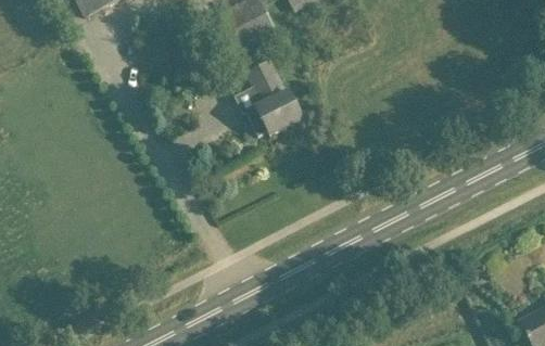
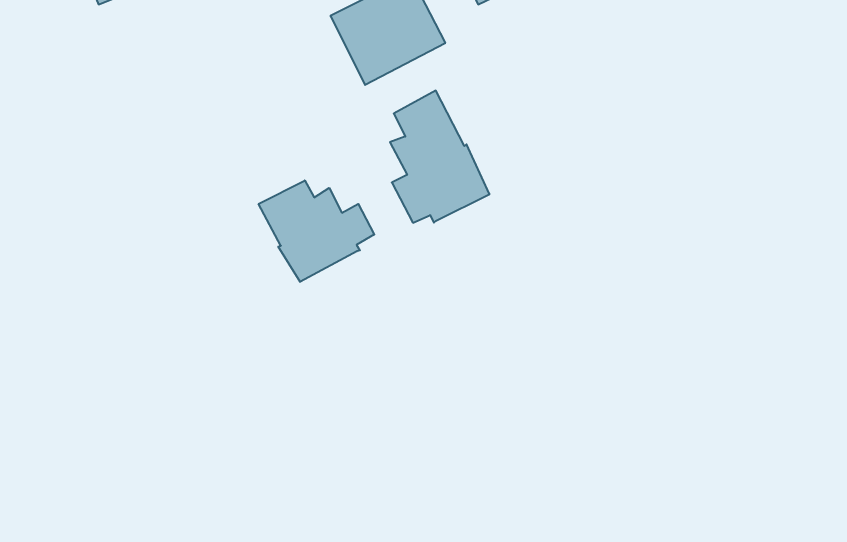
building: none -> [259,180,374,282]

